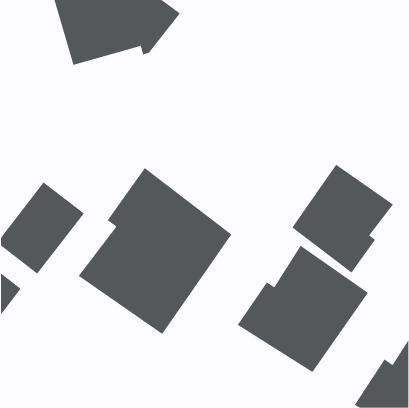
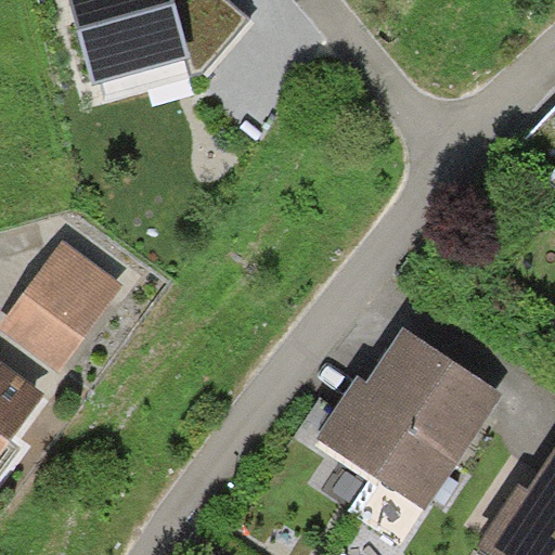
building: [292,164,394,274] -> none
building: [78,167,232,335] -> none

